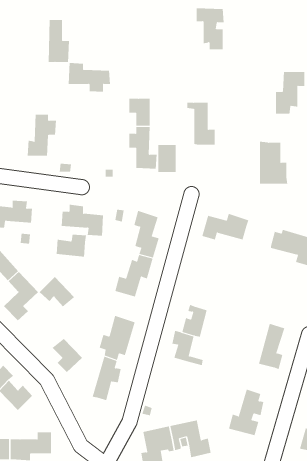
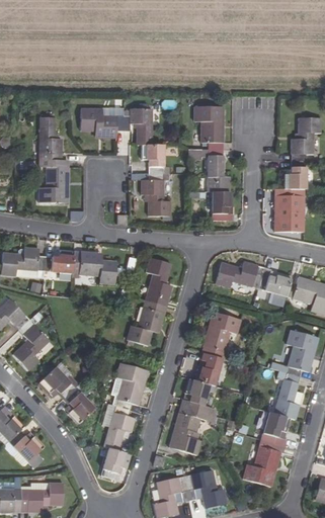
building: [196,8,225,50] -> [194,105,224,148]
building: [48,19,70,62] -> [39,116,62,160]
building: none -> [123,108,153,144]
building: none -> [283,160,306,188]
building: [158,144,176,172] -> [213,191,232,220]
building: none -> [258,267,291,295]
building: [56,234,87,257] -> [44,250,75,273]
building: none -> [204,311,241,358]
building: [39,276,75,307] -> [39,365,76,397]
building: none -> [285,328,318,376]
building: none -> [175,407,217,454]
building: none -> [261,412,290,443]
building: none -> [101,447,126,479]

